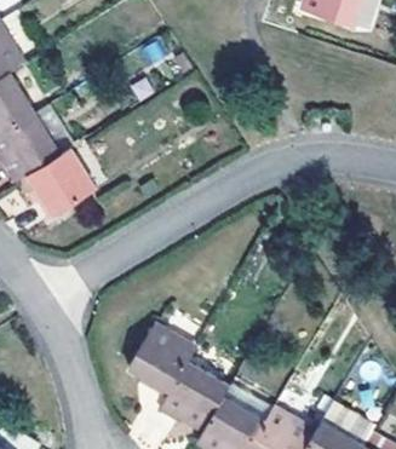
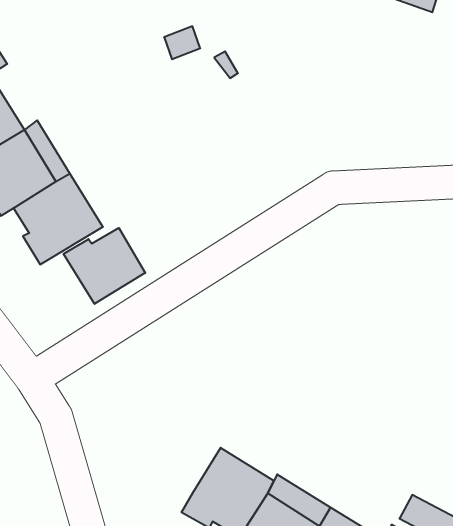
building: none -> [64,228,145,304]
building: [126,324,195,398] -> none

